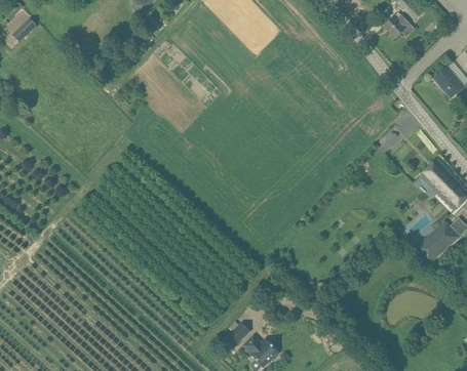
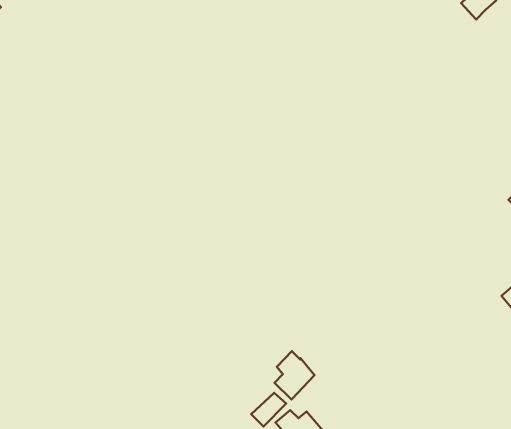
building: none -> [275,351,315,400]

